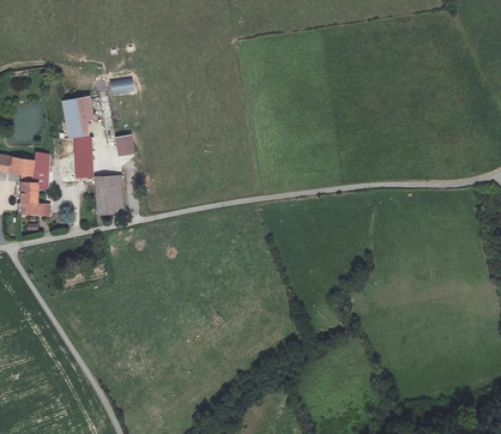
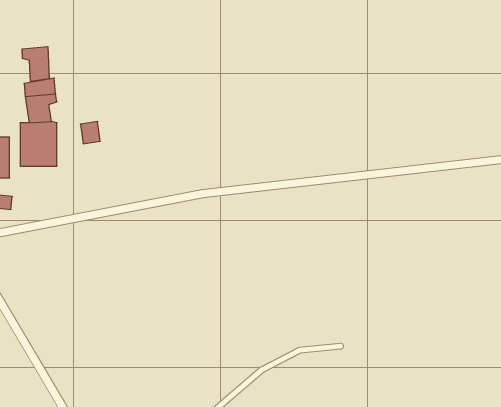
building: none -> [22,47,49,81]
building: [93,177,120,216] -> none

